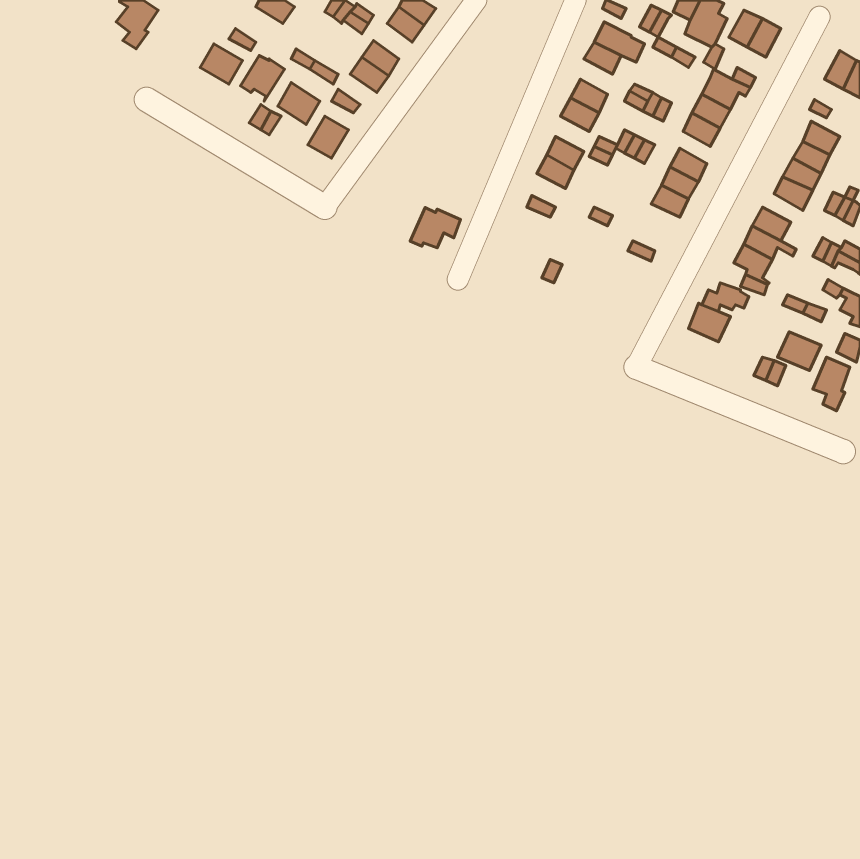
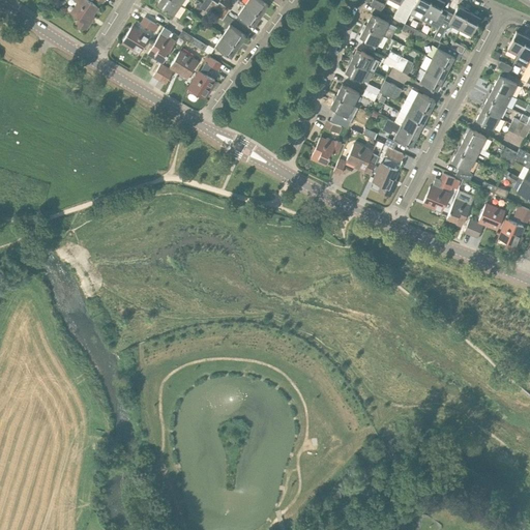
building: none -> [382,120,418,150]
building: [410,208,461,248] -> [311,138,342,163]
building: none -> [347,145,379,174]
building: none -> [374,164,398,197]
building: none -> [446,189,473,227]

